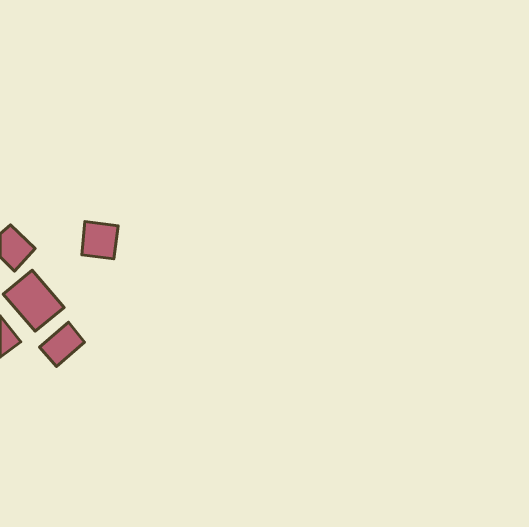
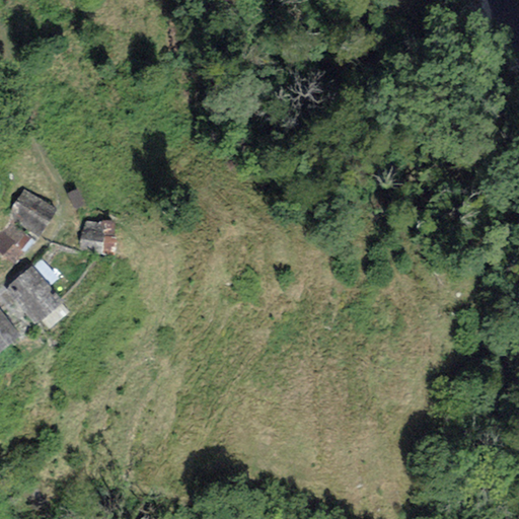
building: none -> [7,188,56,235]
building: [40,322,84,366] -> none

